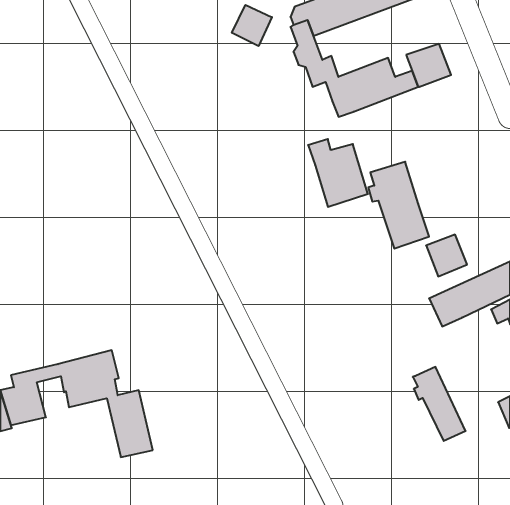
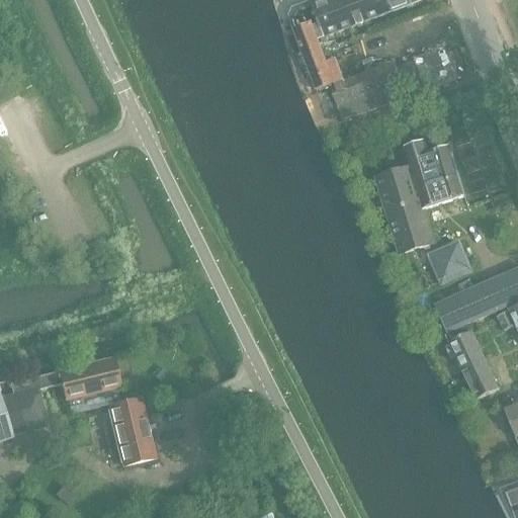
building: [232,5,272,46] -> none
building: [308,139,368,207] -> [404,138,464,206]
building: [413,367,466,441] -> [445,322,499,397]

